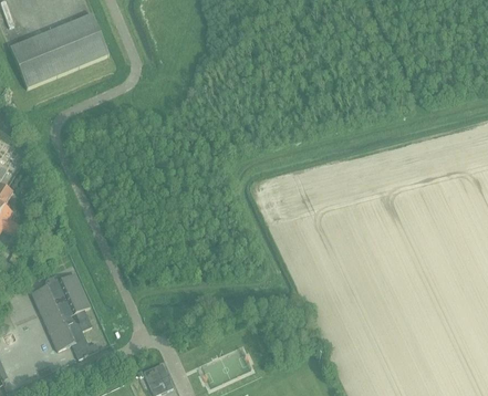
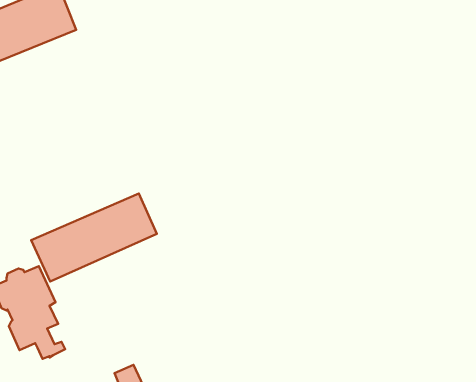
building: none -> [31,193,157,281]

